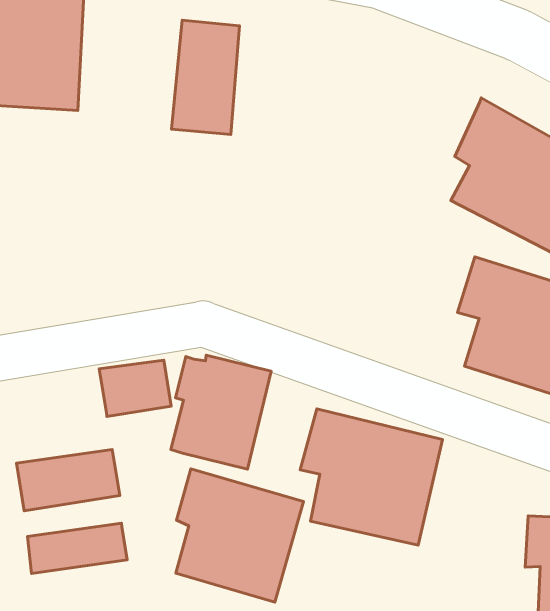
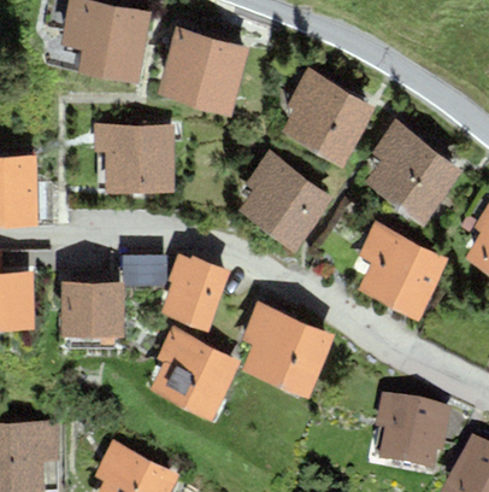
building: none -> [157,29,212,107]
building: none -> [281,68,375,168]
building: none -> [94,123,175,194]
building: none -> [238,151,332,253]
building: [27,523,127,573] -> [60,281,123,306]

